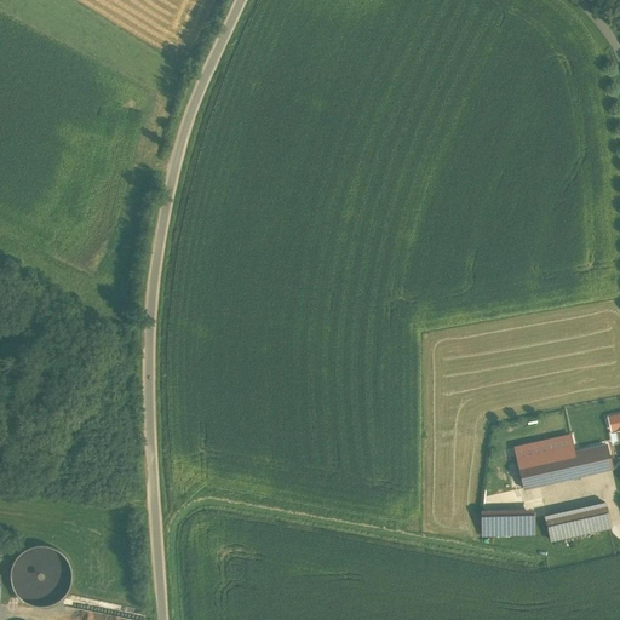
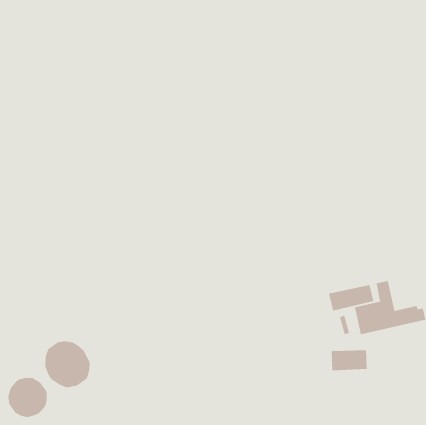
building: none -> [45,341,90,388]
building: [544,503,610,541] -> [328,284,374,311]

